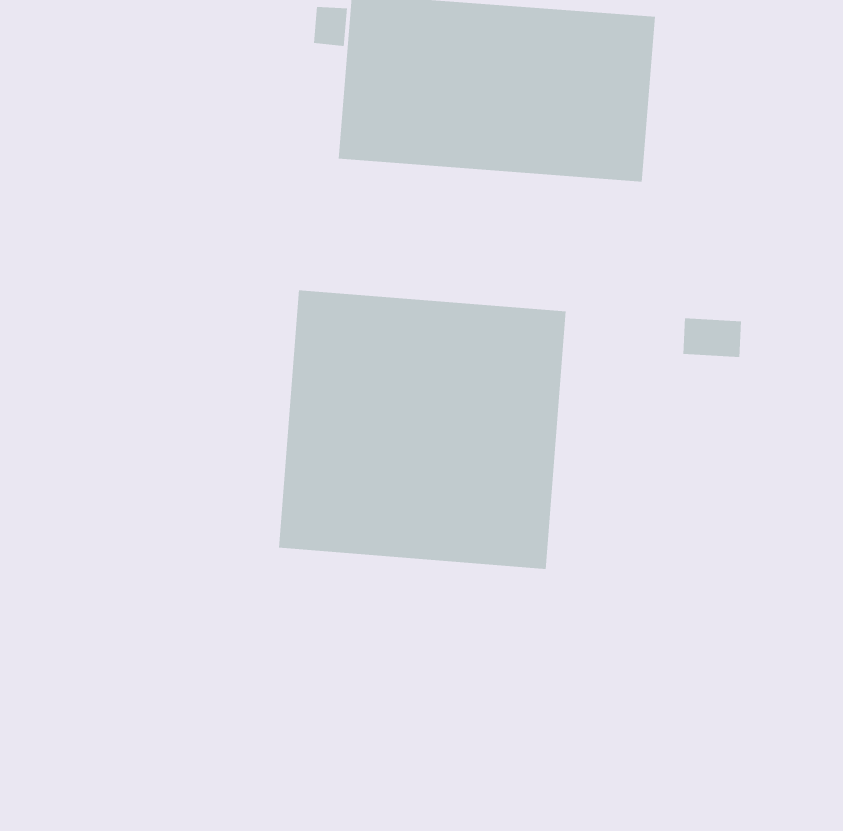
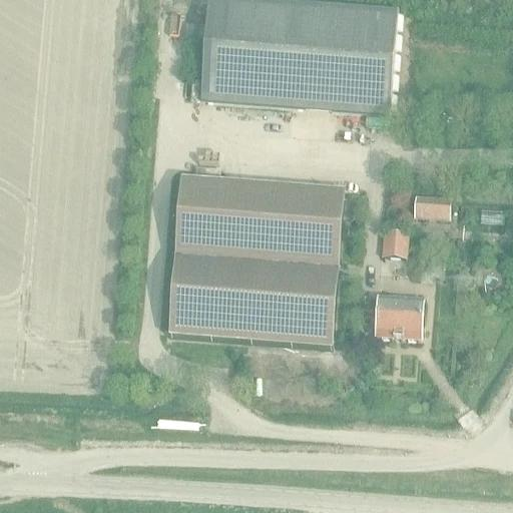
building: none -> [380,226,408,254]
building: none -> [362,293,422,337]

